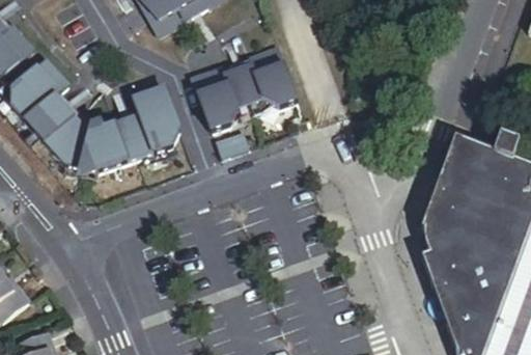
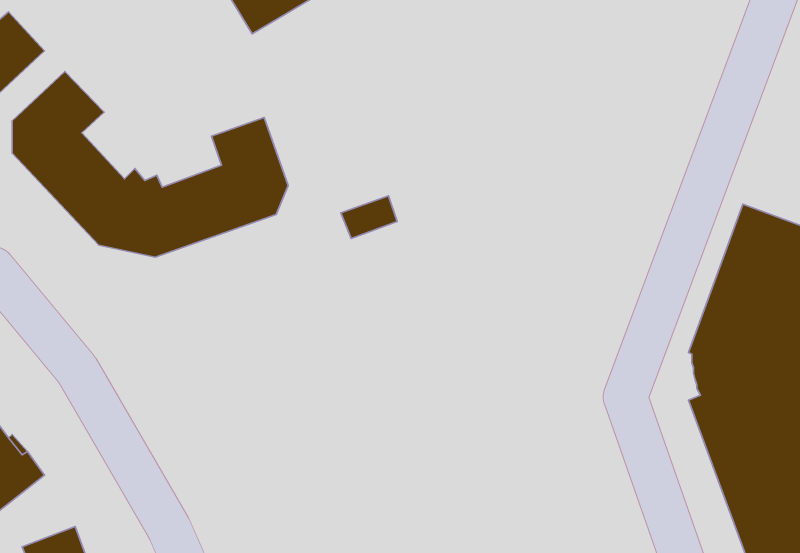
building: [189,48,295,133] -> none

